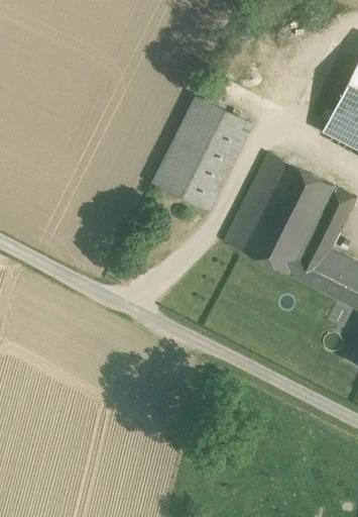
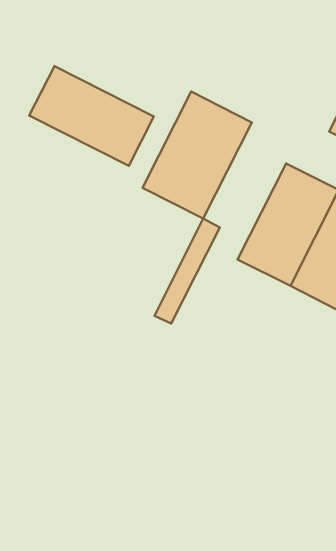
building: none -> [29,66,154,166]
building: [224,153,283,249] -> [155,219,220,324]

